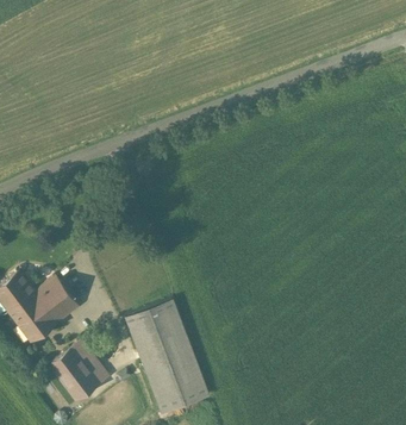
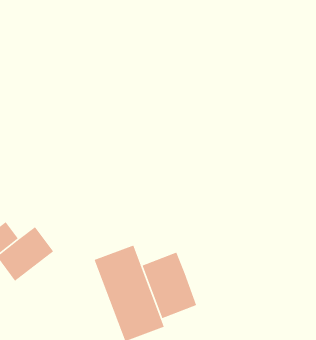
building: none -> [142,251,197,319]
building: [49,340,108,401] -> none

